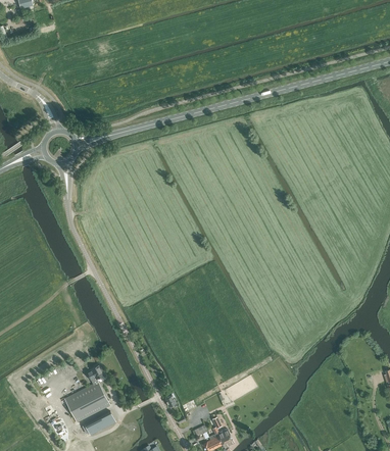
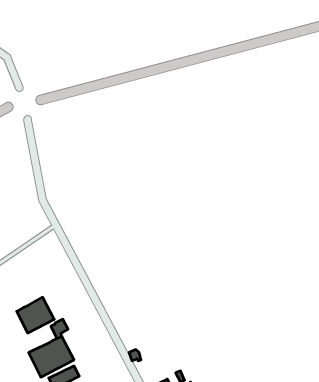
building: none -> [17,297,54,333]

